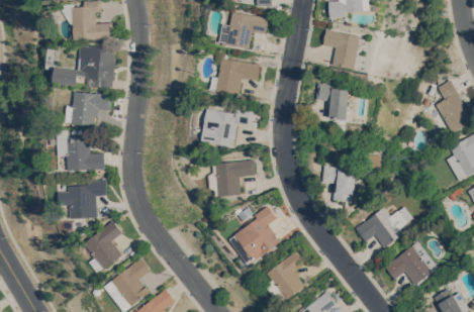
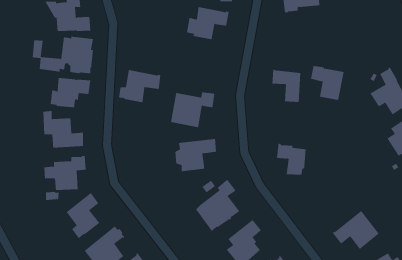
building: [323,29,362,69] -> [310,66,344,101]
building: [211,58,260,95] -> [118,70,161,103]
building: [355,206,413,247] -> none

